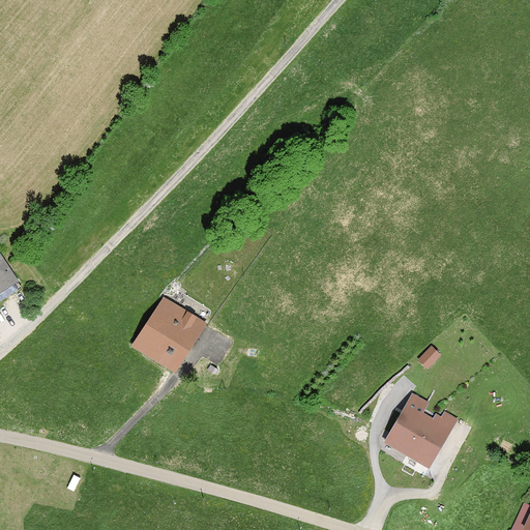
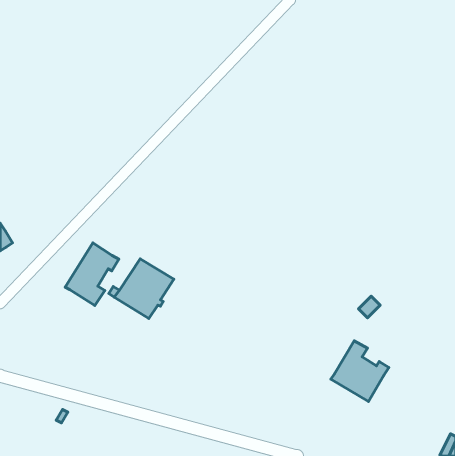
building: none -> [65,243,119,305]

